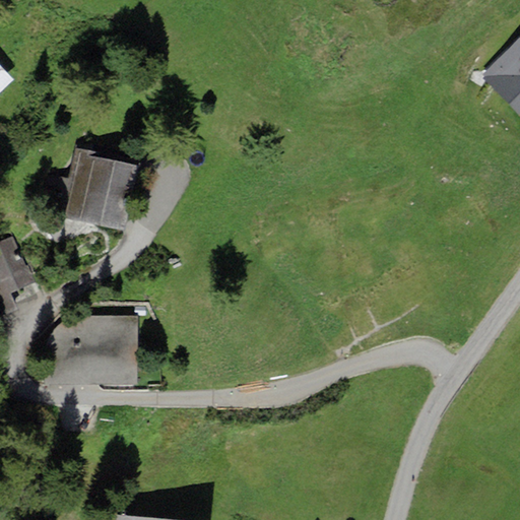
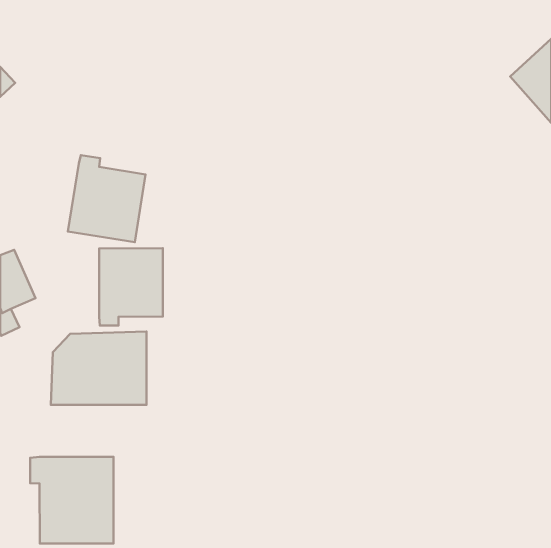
building: none -> [99,248,163,326]
building: none -> [30,457,114,544]

